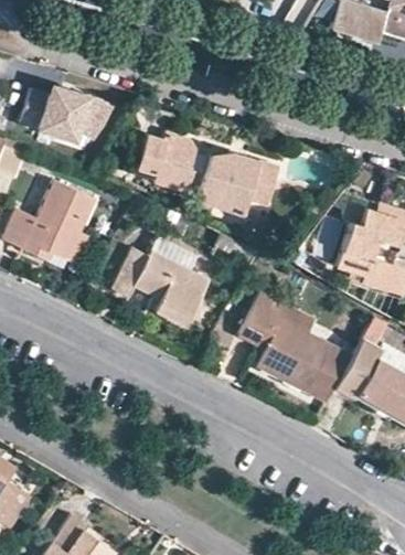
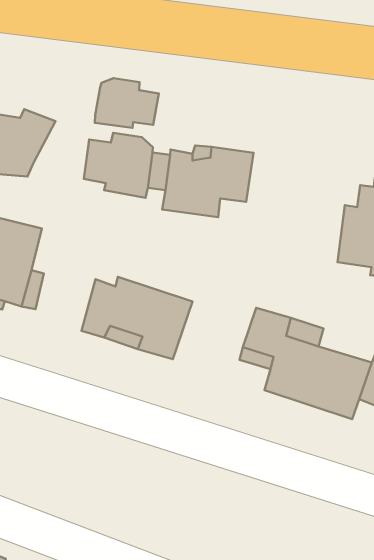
building: none -> [95,78,159,128]

